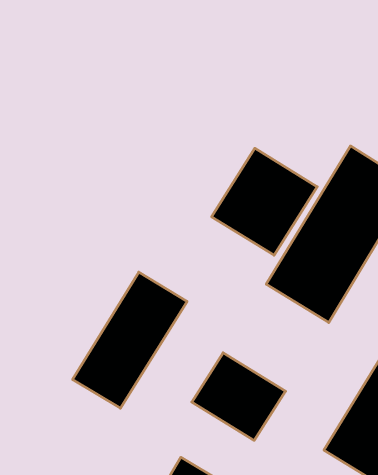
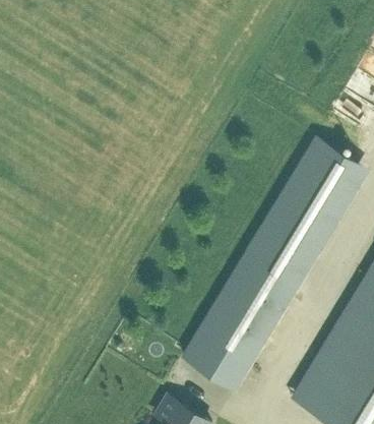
building: [212,148,317,255] -> [208,256,298,347]
building: [73,272,187,408] -> none

